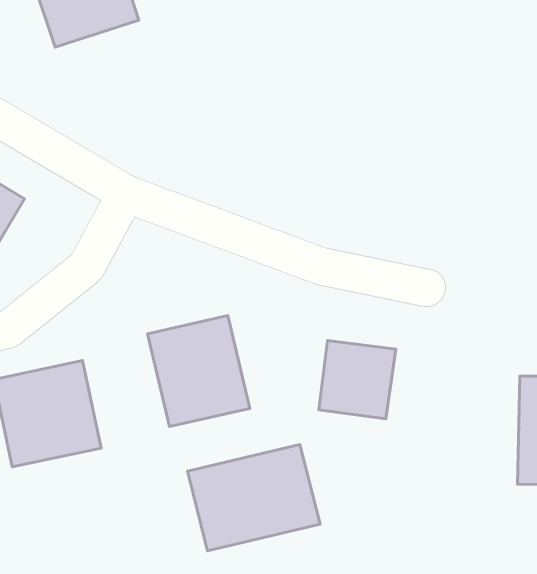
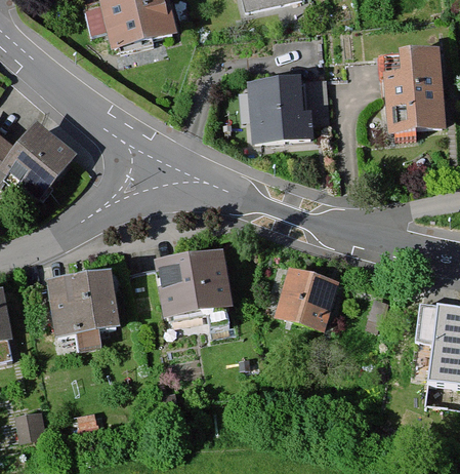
building: none -> [385,56,444,133]
building: none -> [249,77,313,141]
building: [188,444,320,551] -> none

